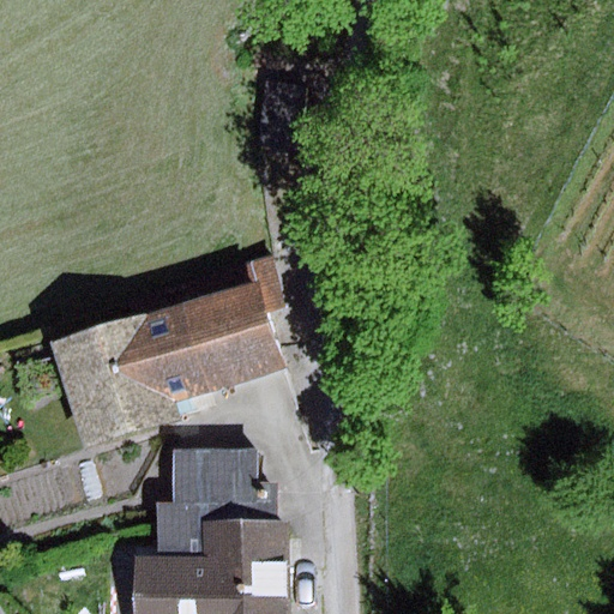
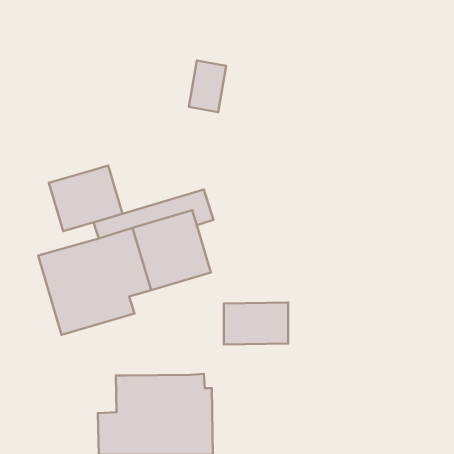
building: none -> [49,165,123,231]
building: [170,451,257,507] -> [224,303,288,344]

